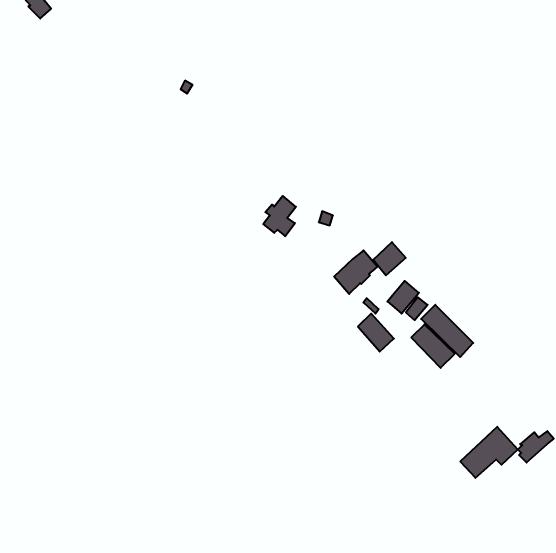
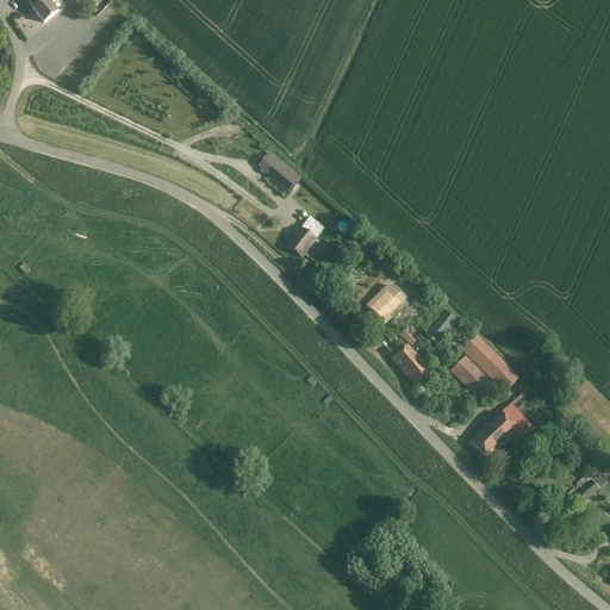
building: none -> [259,150,301,192]
building: [373,242,406,275] -> none
building: [460,427,518,478] -> [471,402,534,458]

